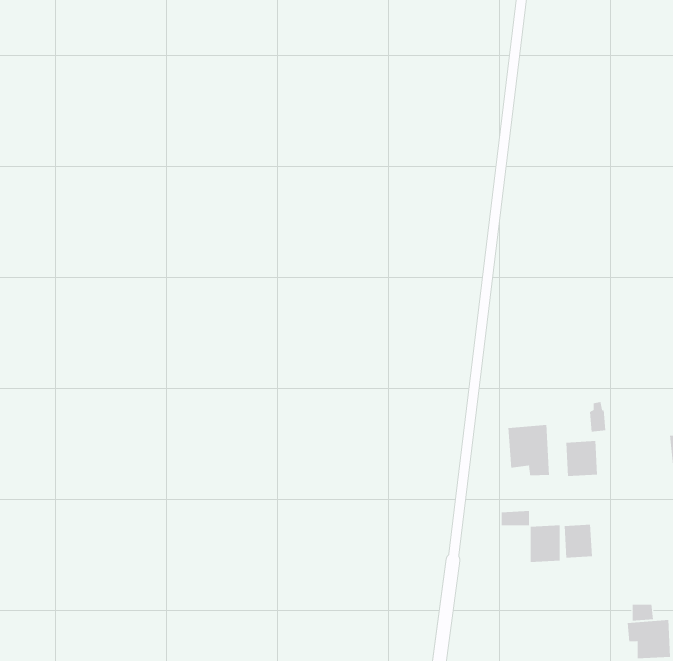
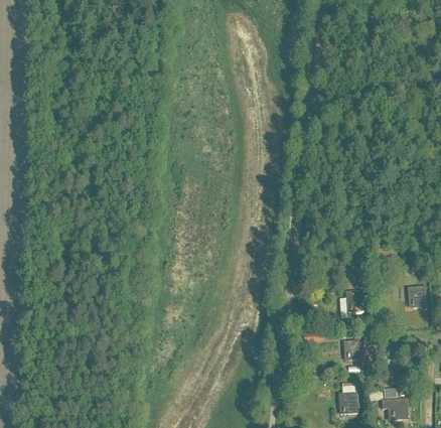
building: [508,424,549,476] -> none
building: [530,525,560,562] -> [339,392,357,414]

